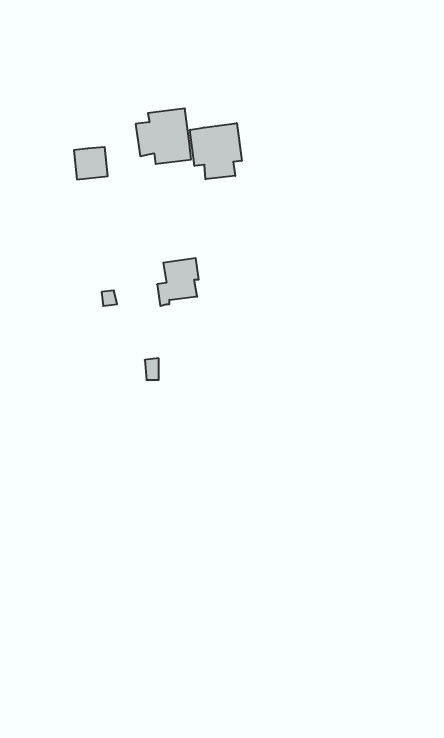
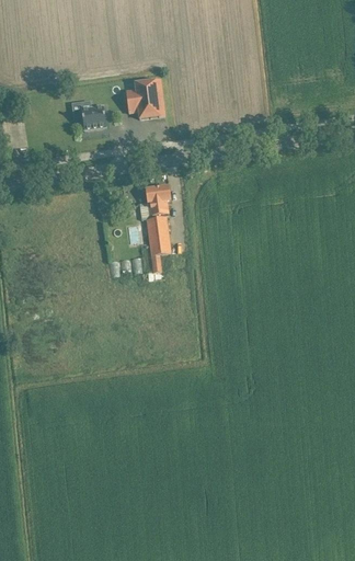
building: [190,123,242,179] -> none
building: none -> [147,213,171,272]

